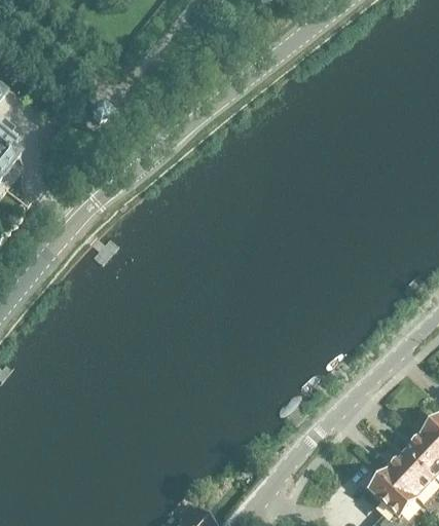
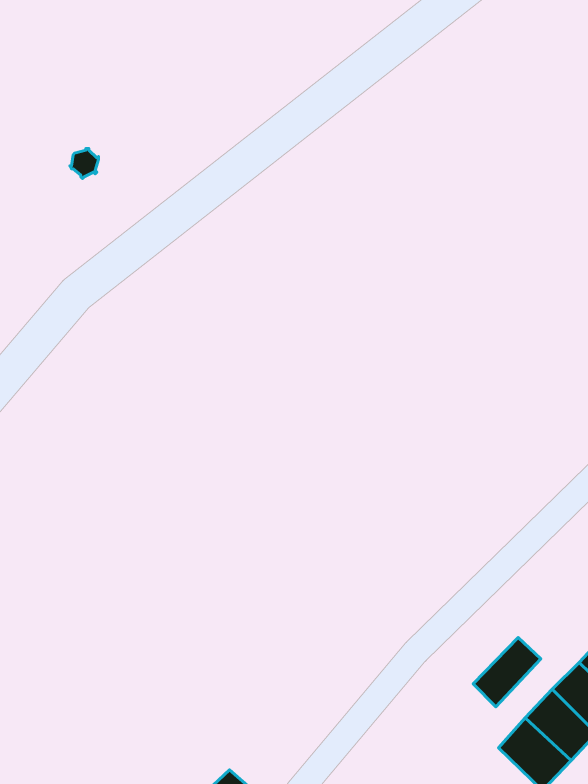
building: none -> [473,637,541,707]

